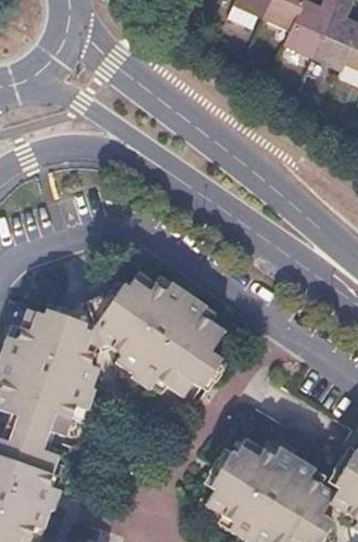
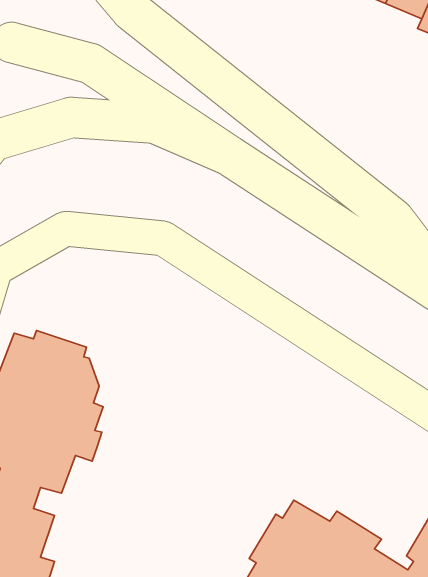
building: [100,273,223,397] -> none

